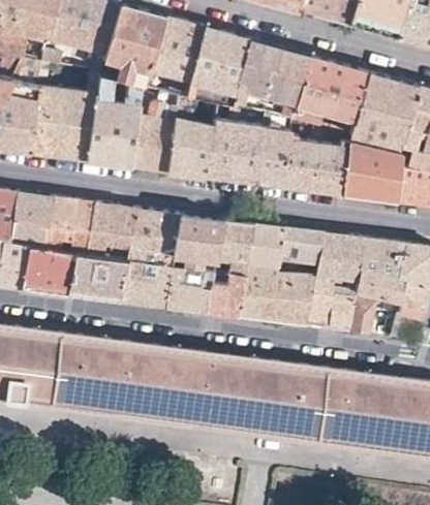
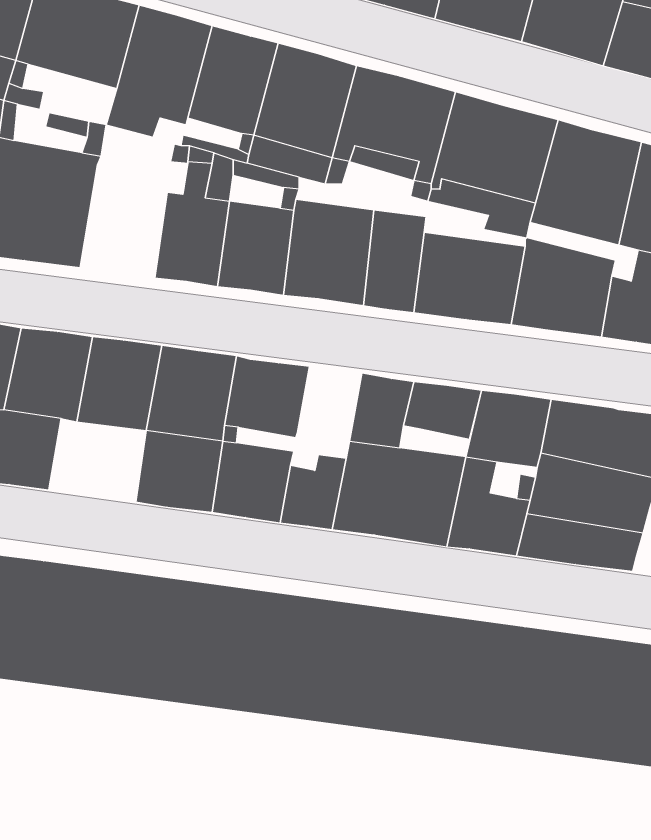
building: [87,99,140,166] -> none
building: [216,219,254,274] -> none
building: [68,250,126,299] -> none

